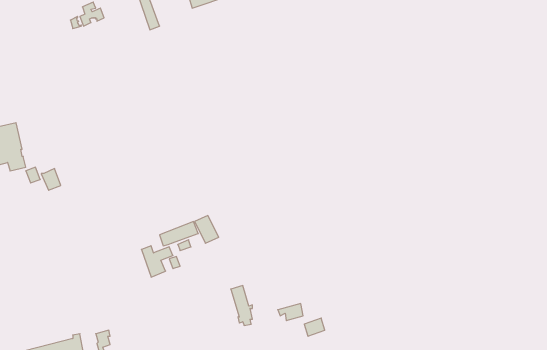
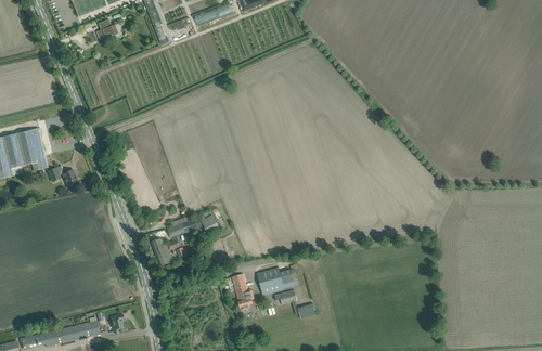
building: none -> [255,264,295,295]

